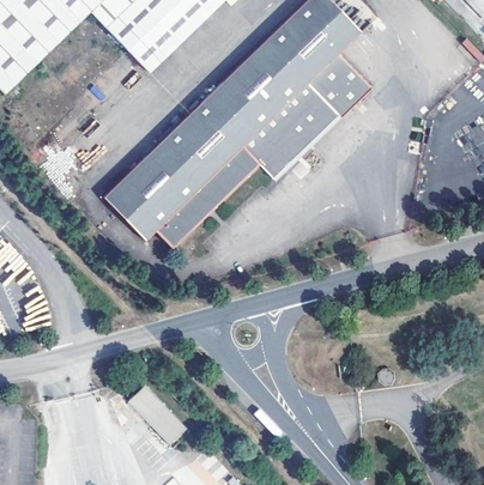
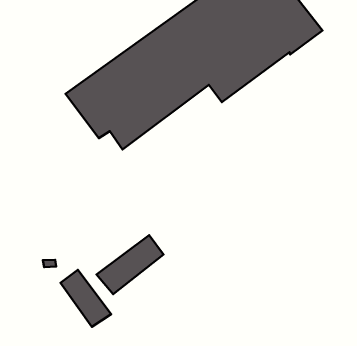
building: none -> [96,235,164,294]

